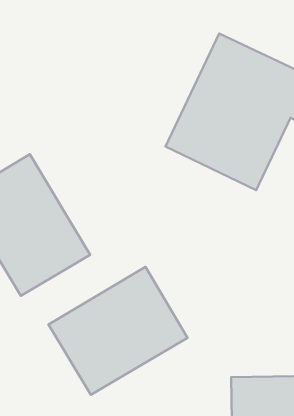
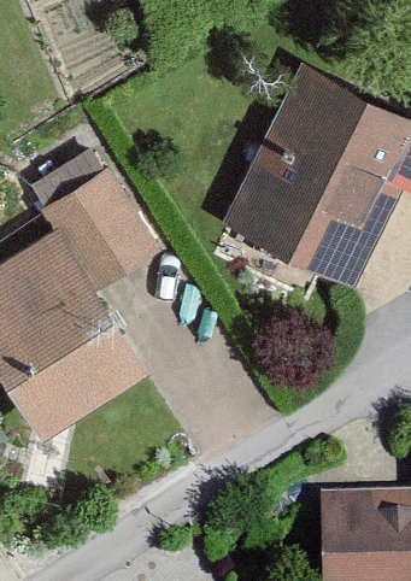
building: none -> [45,159,147,275]
building: [48,267,188,395] -> none

